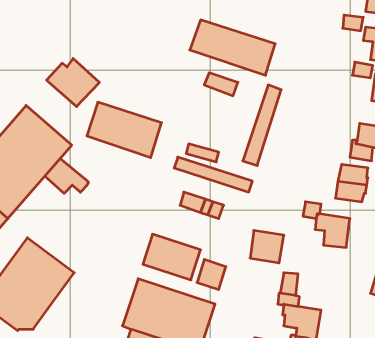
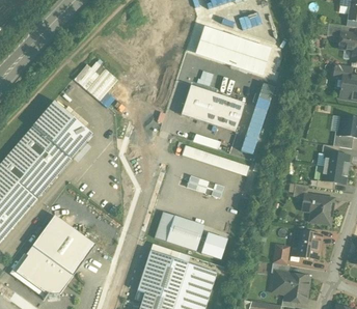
building: [87,102,162,158] -> [181,85,245,133]
building: [45,158,88,193] -> none
building: [250,230,284,263] -> [293,231,322,259]

